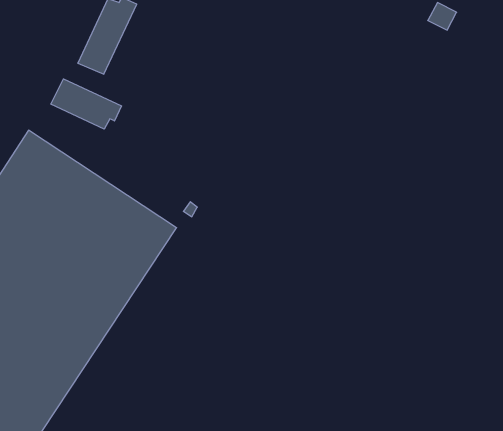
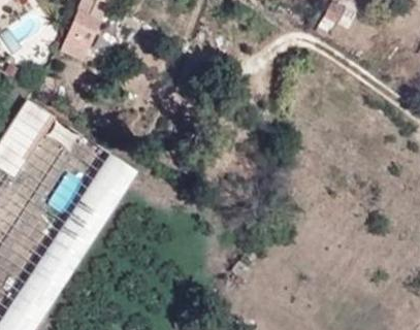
building: [51,79,122,129] -> none

